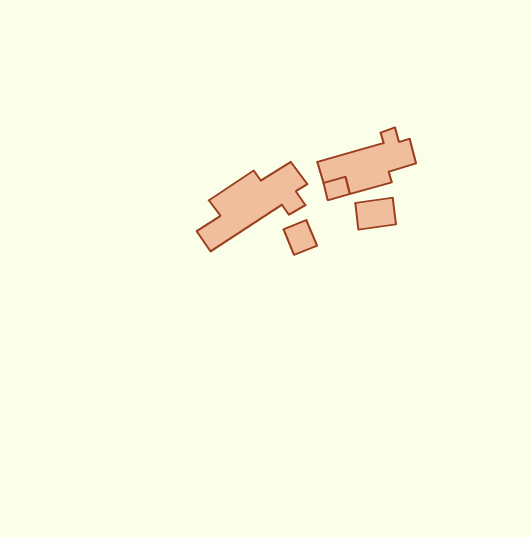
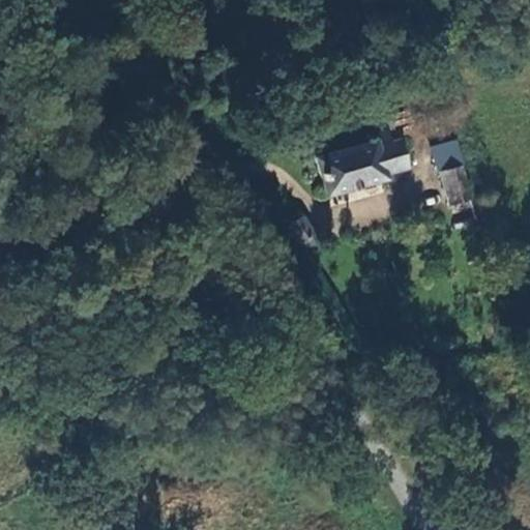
building: none -> [432,143,472,204]
building: [197,162,307,251] -> none

